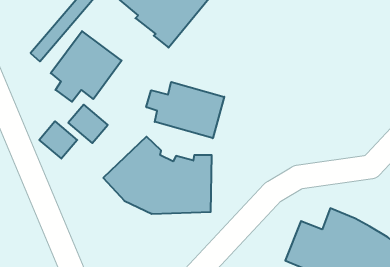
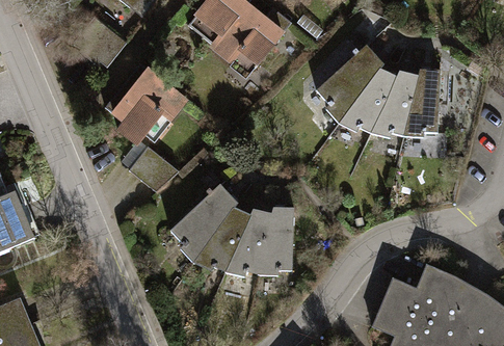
building: none -> [310,49,440,142]
building: [146,82,224,138] -> none
building: [39,121,77,159] -> none

